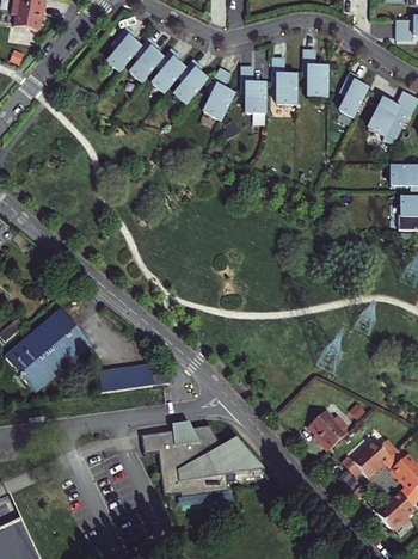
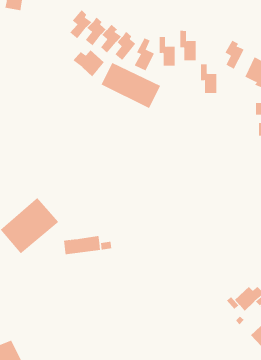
building: [302,51,327,96] -> [200,64,217,94]
building: none -> [72,50,104,77]
building: none -> [101,62,161,109]
building: [307,410,348,452] -> none
building: [137,424,259,498] -> none

